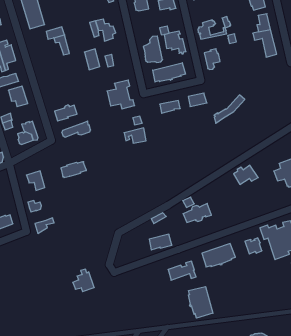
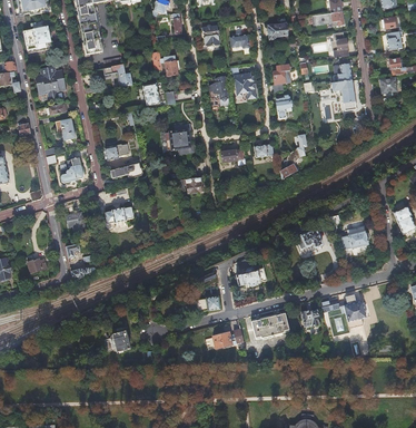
building: [153,63,185,82] -> none
building: [189,287,213,318] -> none

